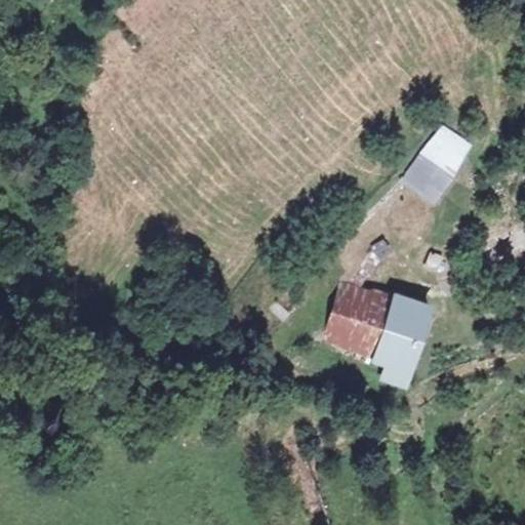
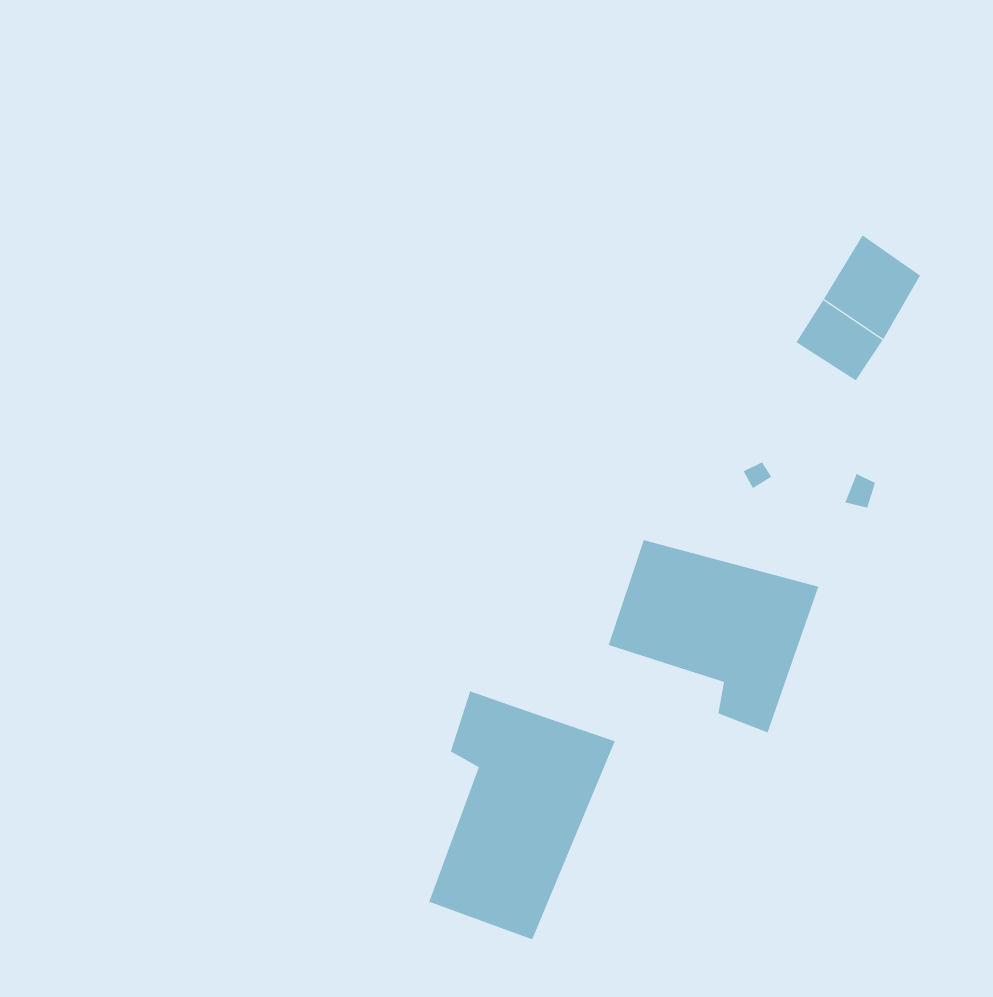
building: none -> [429,690,616,940]

